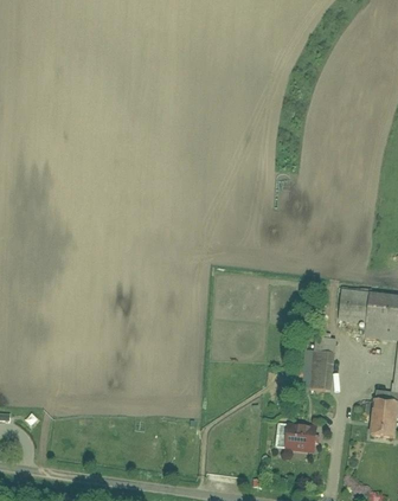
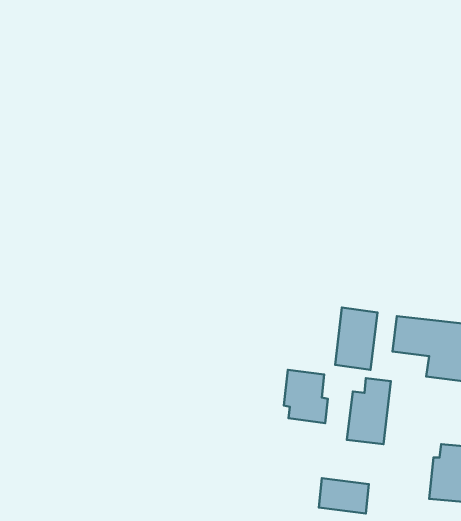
building: none -> [335,307,377,370]
building: none -> [284,370,328,423]

